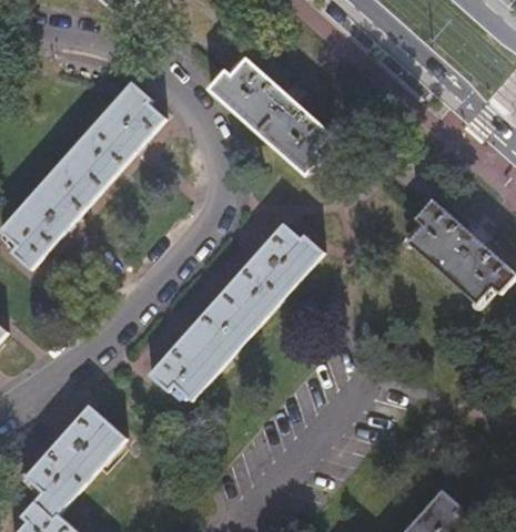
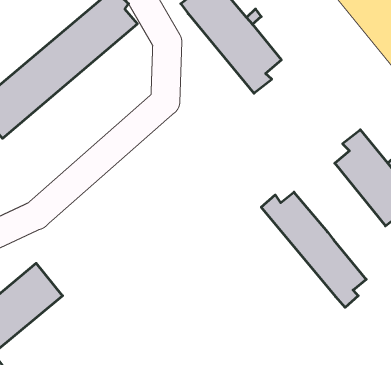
building: [149,223,324,399] -> none
building: none -> [261,192,366,307]

